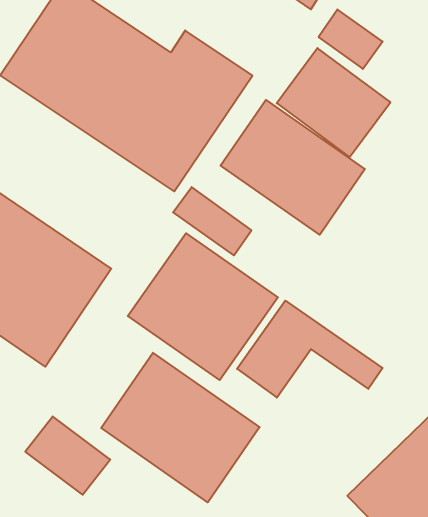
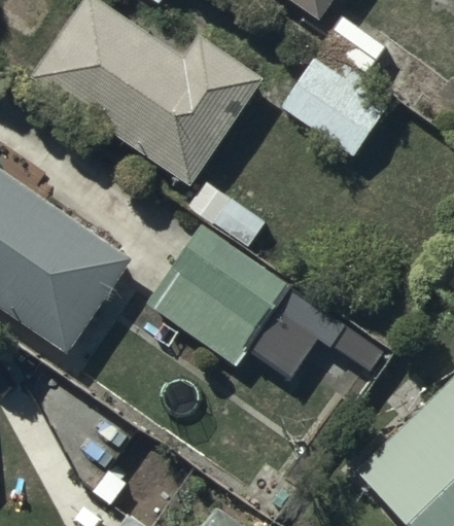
building: [221,100,365,235] -> none
building: [101,353,260,502] -> none

